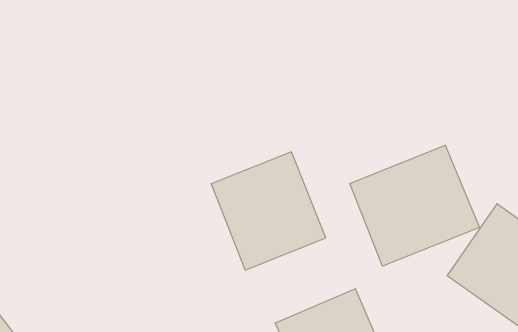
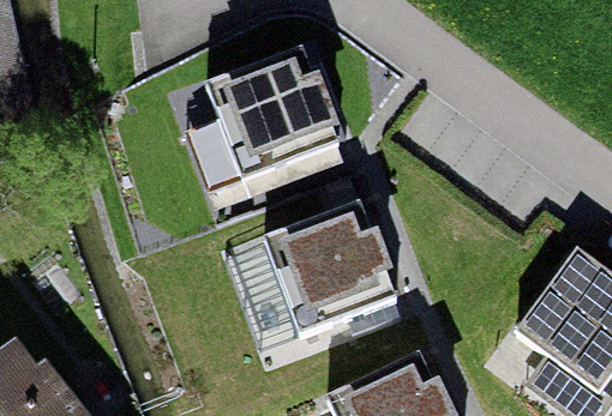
building: none -> [212,48,337,176]
building: [350,145,479,266] -> none

